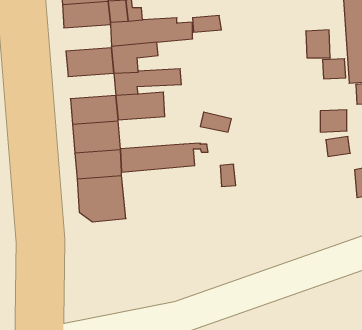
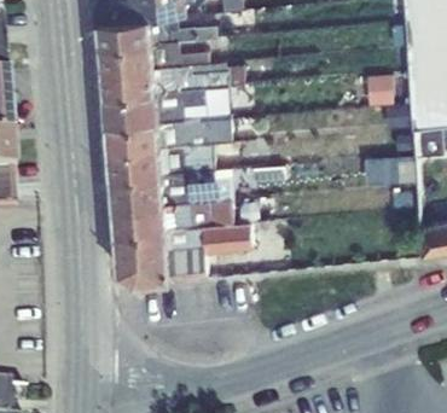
building: none -> [104,64,156,93]
building: none -> [109,117,161,145]
building: none -> [163,164,234,199]
building: none -> [167,217,254,275]

